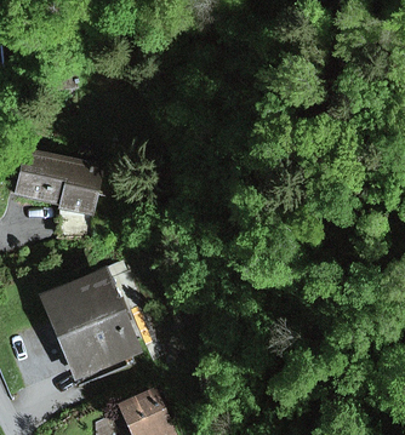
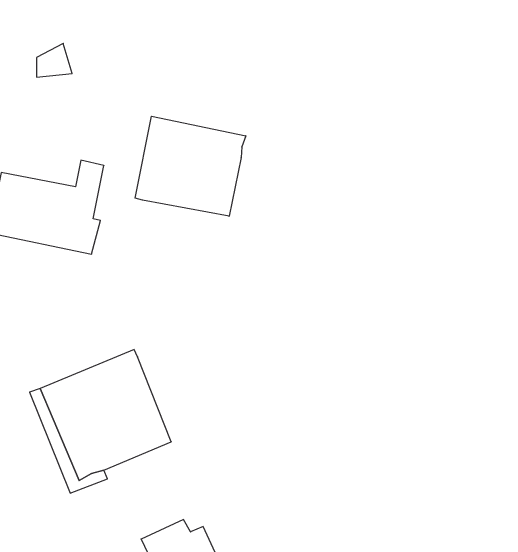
building: none -> [135,116,246,216]

